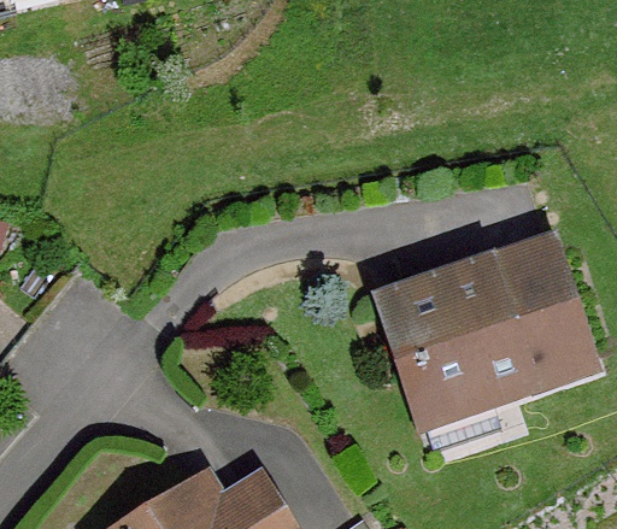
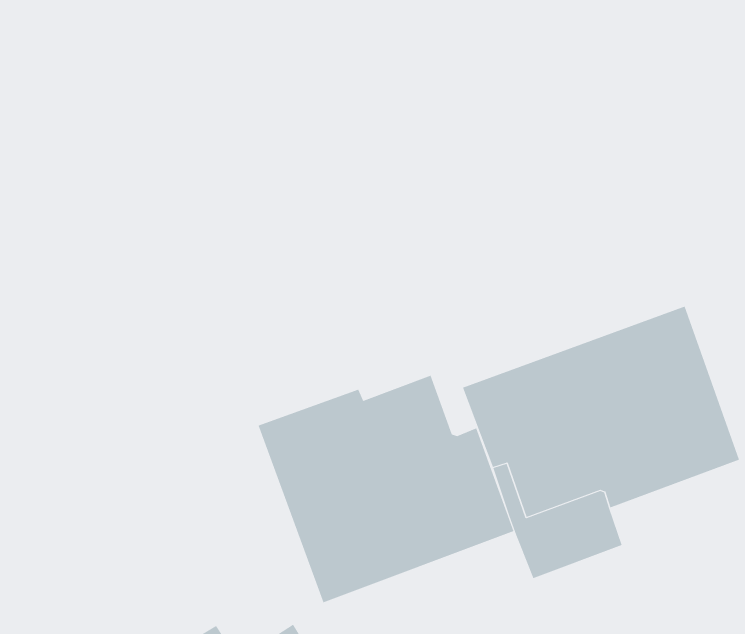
building: none -> [258,375,514,603]

